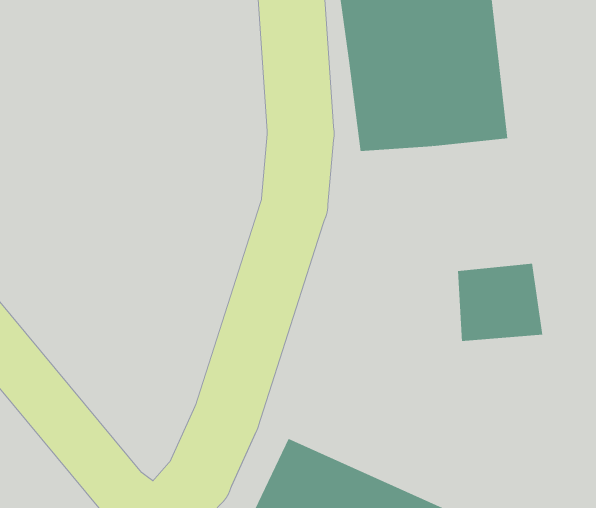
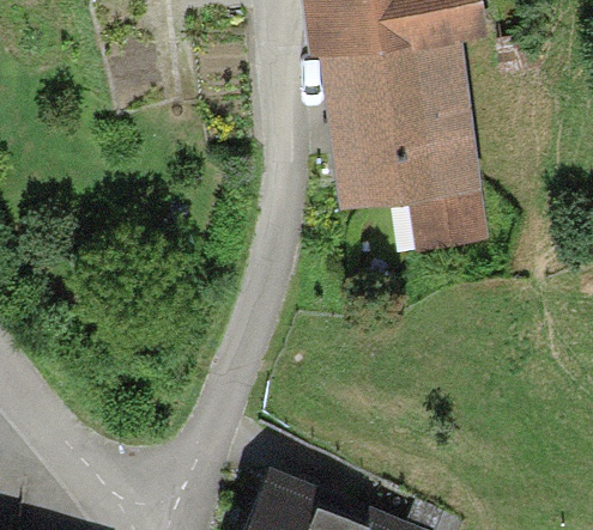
building: [457,263,543,341] -> [407,182,488,255]

